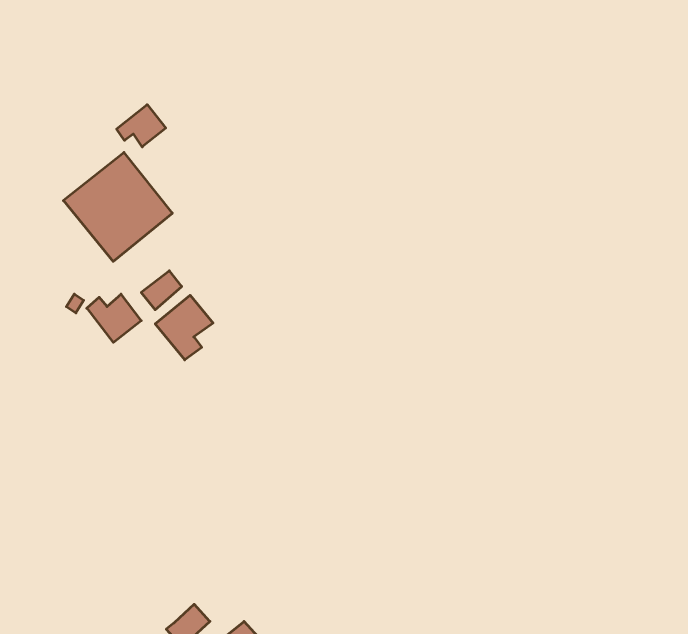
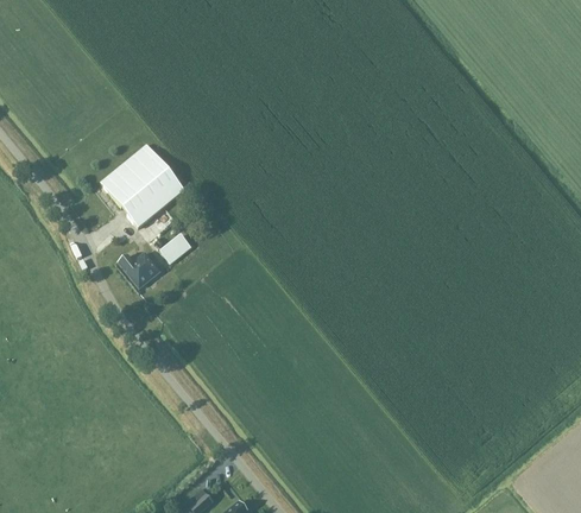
building: [117,105,166,147] -> none
building: [155,295,213,360] -> none

